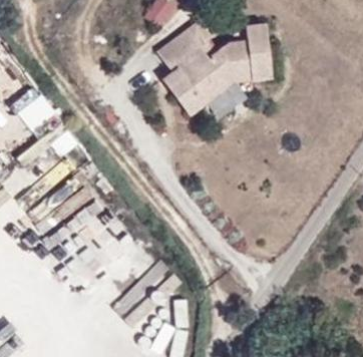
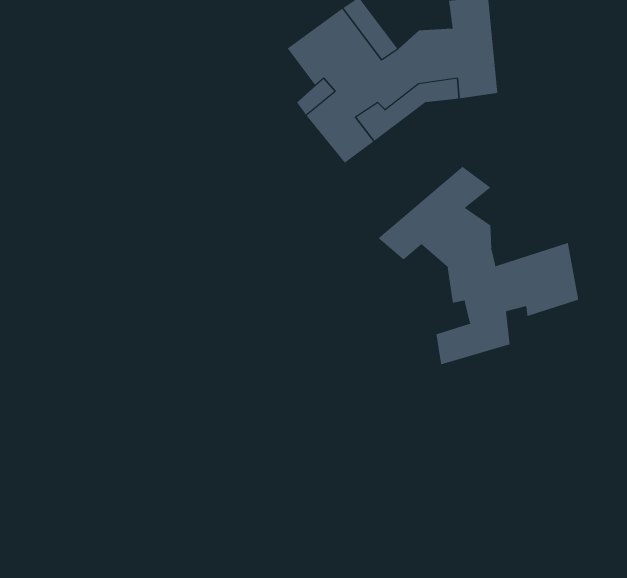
building: none -> [377,166,579,365]

